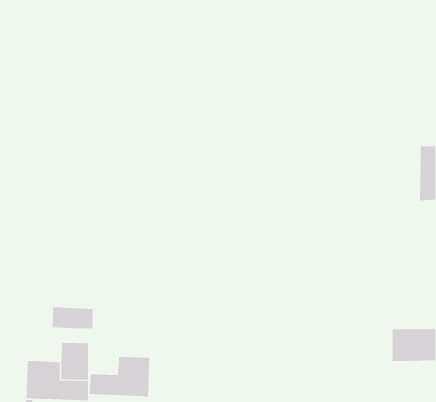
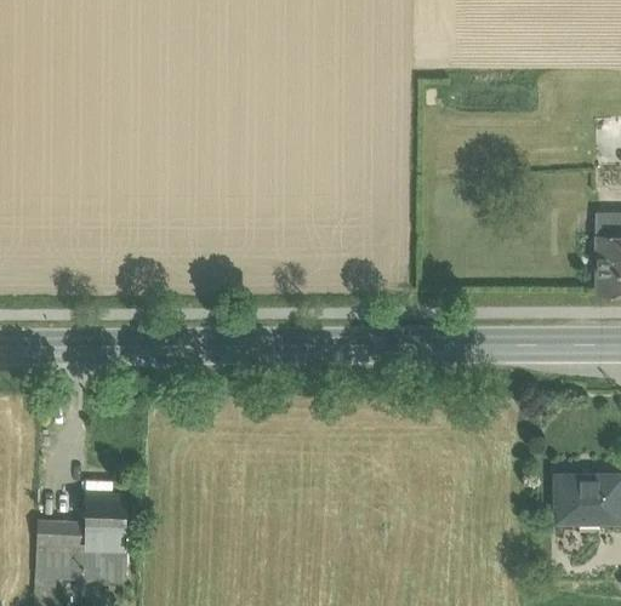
building: [52,306,94,329] -> none
building: [89,356,150,397] -> none

